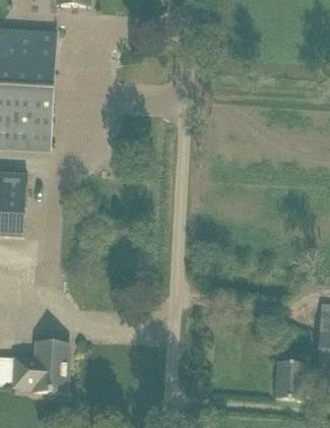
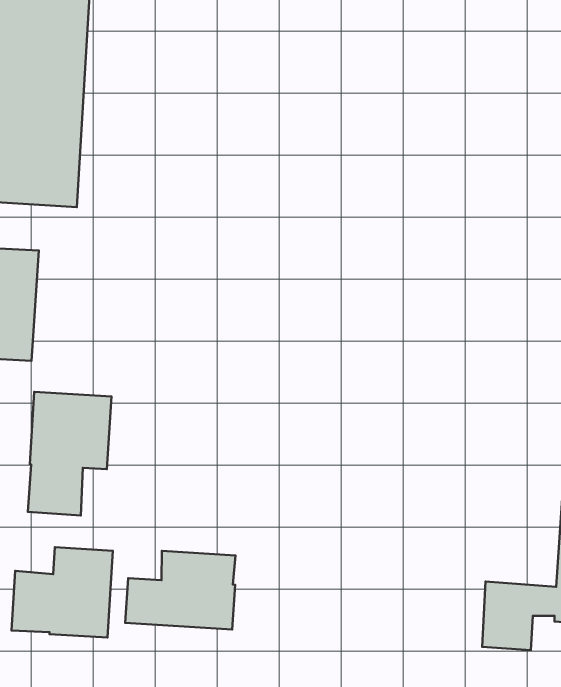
building: none -> [28,392,111,515]
building: none -> [125,551,235,629]

